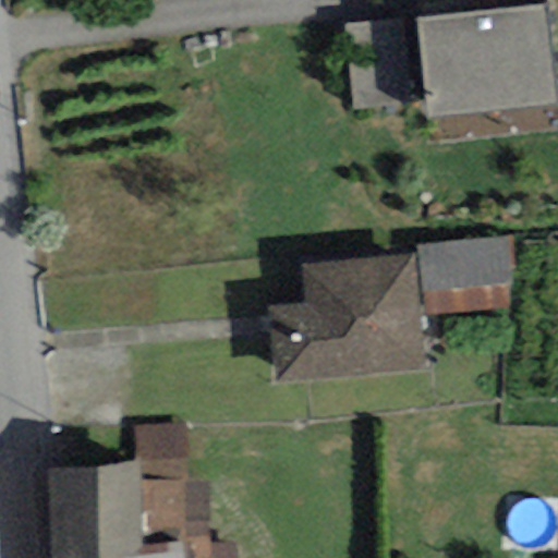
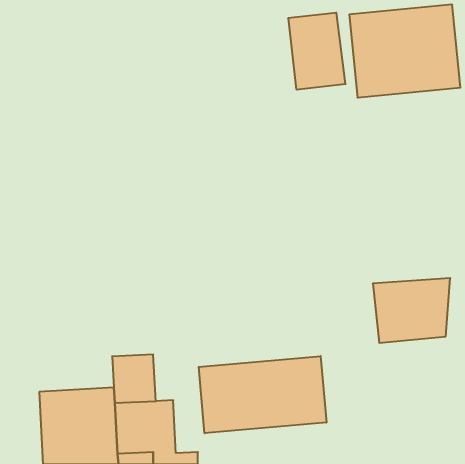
building: [417,236,510,314] -> [373,278,450,343]
building: [269,256,424,384] -> none
building: none -> [199,356,326,433]

